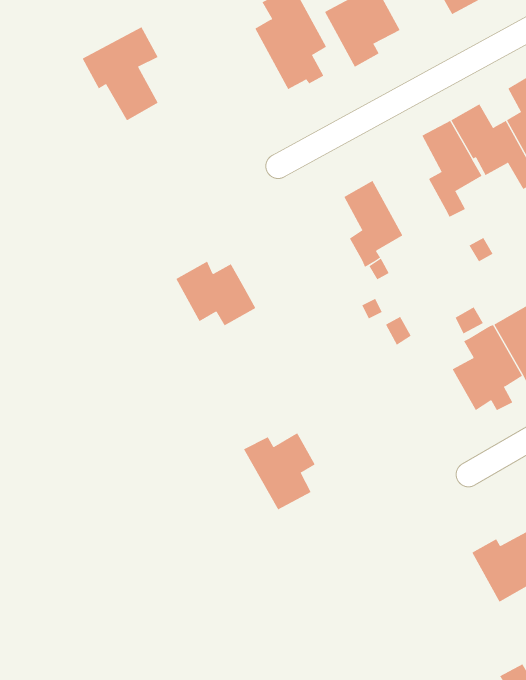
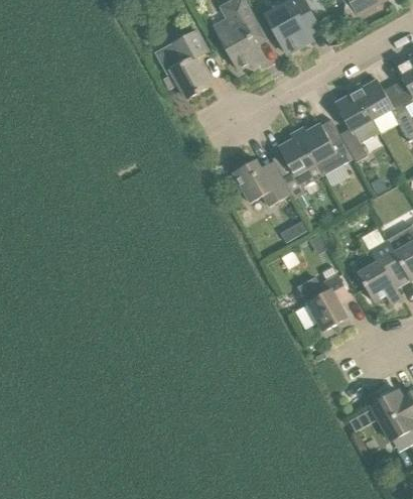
building: [82,27,158,121] -> [154,28,210,97]
building: none -> [299,118,353,174]
building: [176,261,256,326] -> [233,158,291,206]
building: [243,432,316,510] -> [297,273,350,330]

